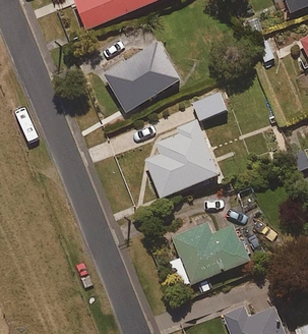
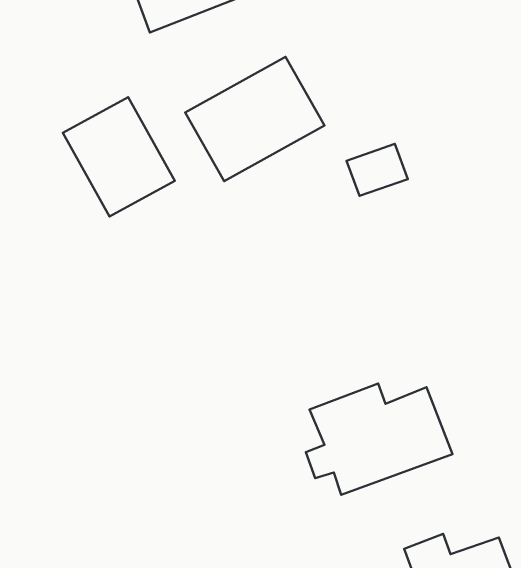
building: none -> [63,97,175,216]
building: [144,124,219,198] -> none

